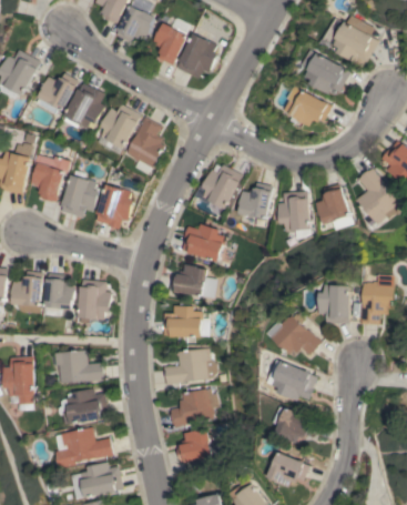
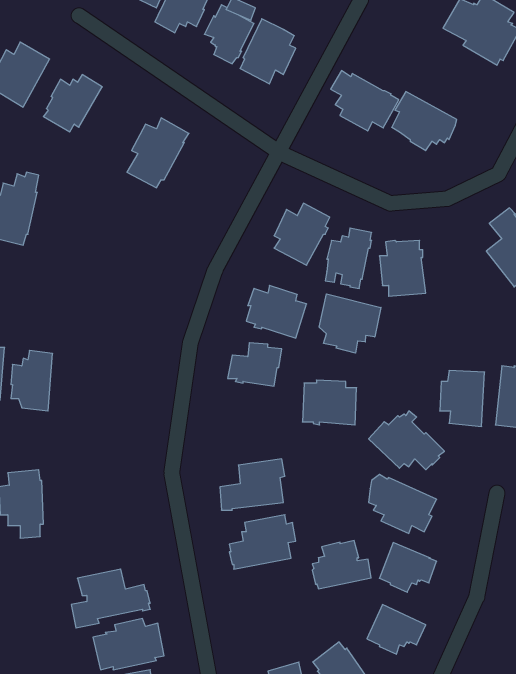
building: [302,50,350,93] -> [331,71,399,131]
building: [63,82,103,128] -> none
building: [124,115,163,168] -> none
building: [30,162,64,201] -> none
building: [60,174,98,218] -> none
building: [314,183,349,226] -> none
building: [94,184,132,229] -> none
building: none -> [319,294,381,353]
building: [43,273,74,314] -> none
building: [77,277,110,323] -> none
building: [162,305,201,337] -> [302,380,357,425]
building: [53,350,102,383] -> none
building: [62,387,108,424] -> none
building: [175,428,217,463] -> [312,541,371,589]

